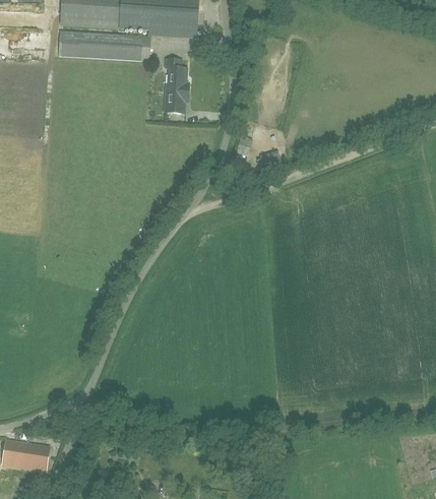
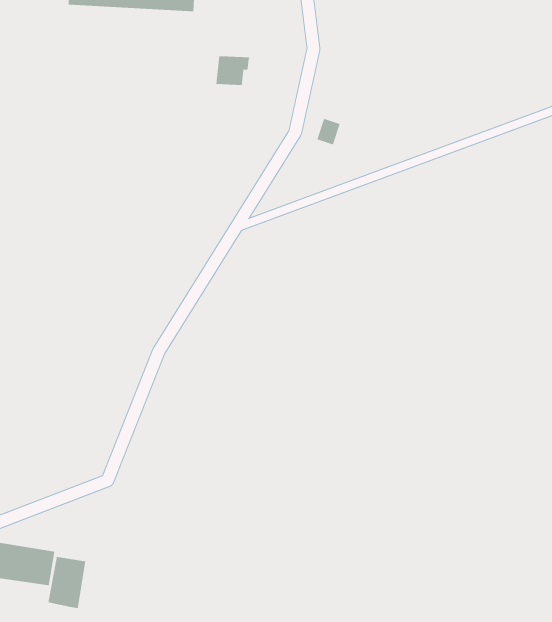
building: [165,58,188,92] -> none
building: none -> [48,556,86,609]

